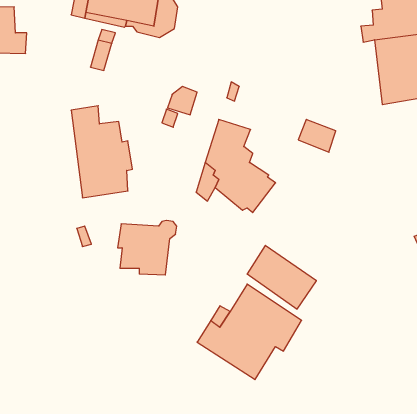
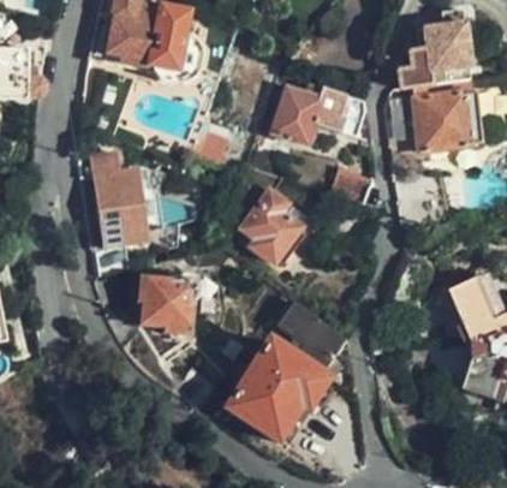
building: none -> [274,84,365,142]

